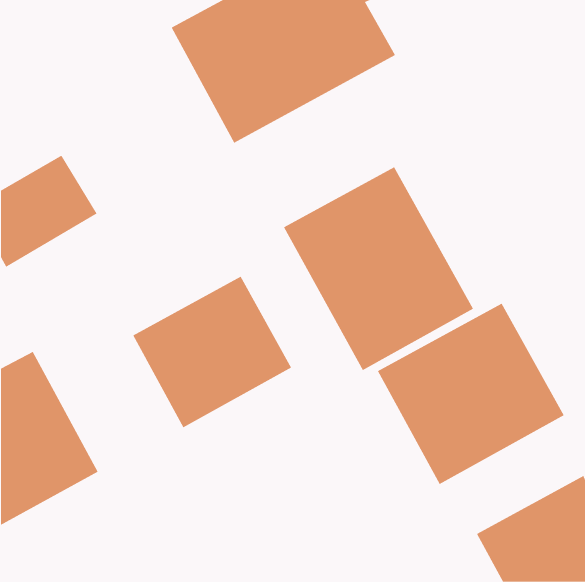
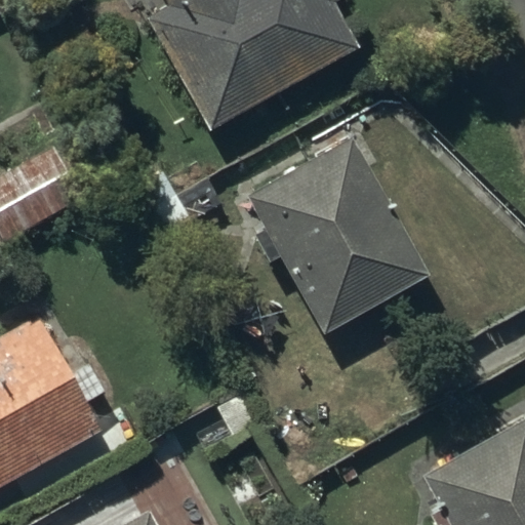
building: [132,276,292,428] -> none
building: [377,303,565,485] -> none

